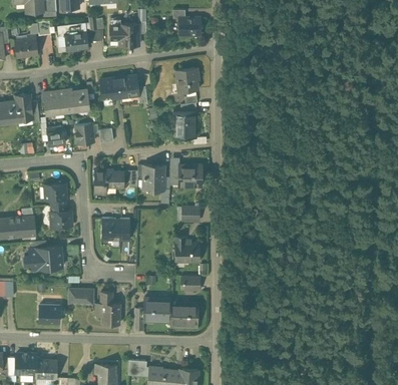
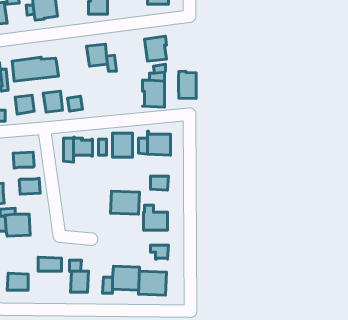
building: [99,77,120,99] -> none
building: none -> [179,71,196,99]
building: [100,218,129,241] -> [111,191,140,214]

